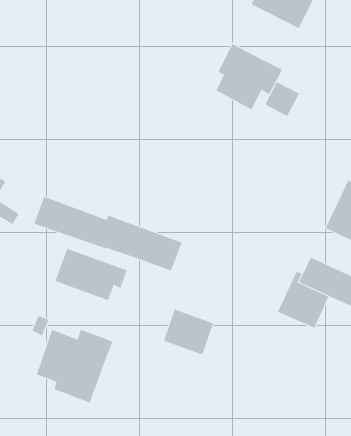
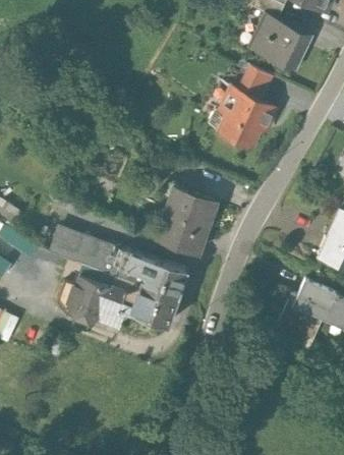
building: [264,81,300,117] -> [239,67,272,100]
building: none -> [154,184,218,253]
building: [163,309,214,355] -> [129,282,176,325]
building: [36,329,113,404] -> none

